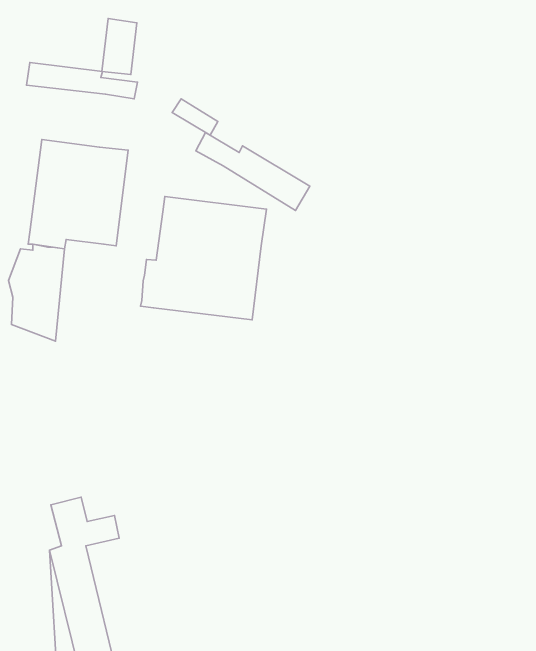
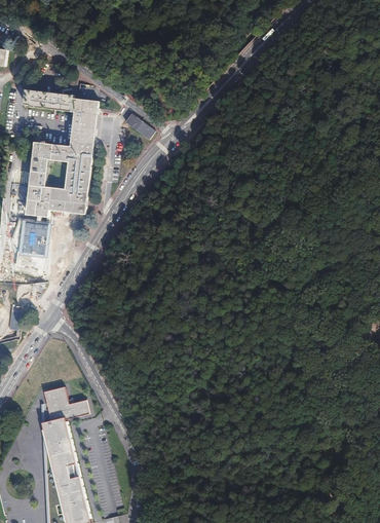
building: [102,18,137,74] -> [74,111,98,149]
building: [196,132,310,210] -> none
building: [141,196,266,320] -> none

